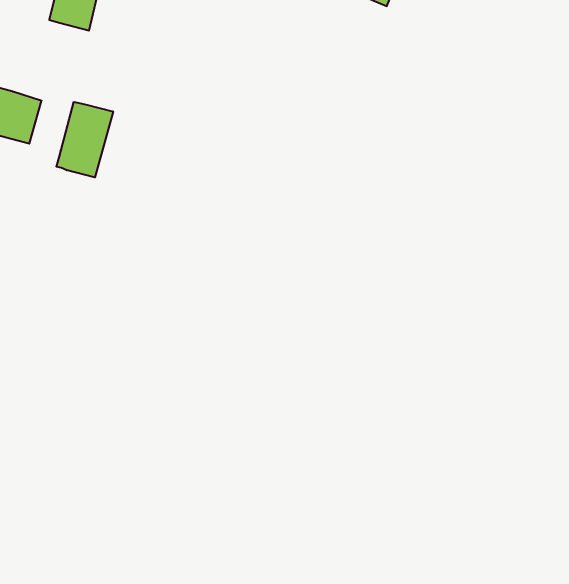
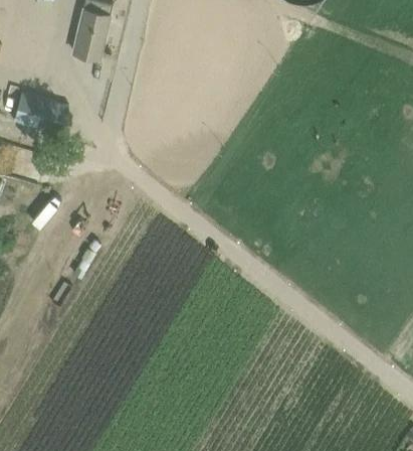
building: [56,102,113,177] -> none

